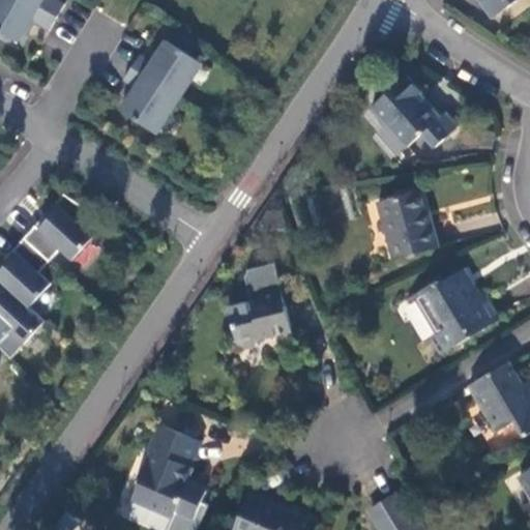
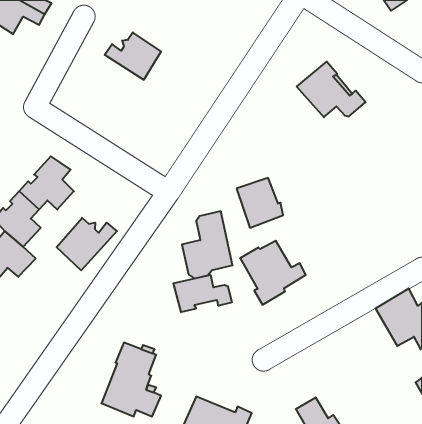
building: [120,69,179,136] -> none
building: [377,194,435,256] -> [237,178,283,228]
building: none -> [57,218,117,270]
building: [413,272,495,352] -> [240,241,306,305]
building: none -> [173,275,232,312]

